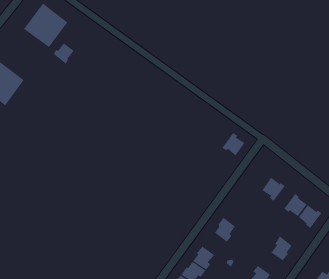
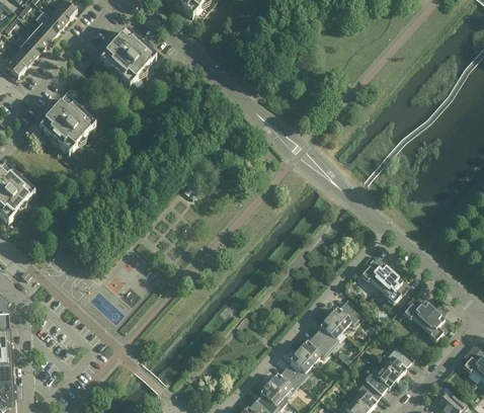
building: [53,43,74,65] -> none
building: [221,132,245,156] -> [360,256,391,286]
building: none -> [327,301,359,331]
building: none -> [298,334,329,363]
building: none -> [365,363,397,393]

